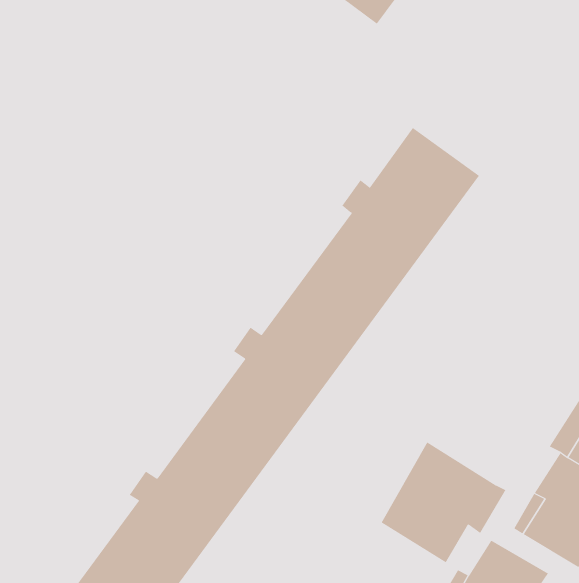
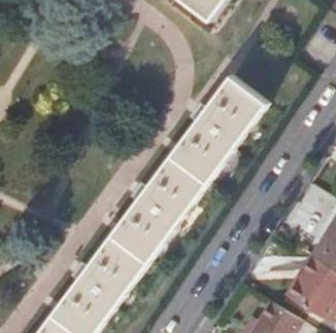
building: [381,441,506,563] -> none

